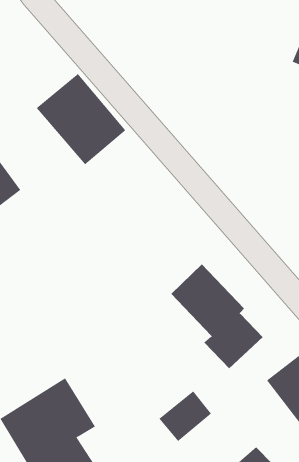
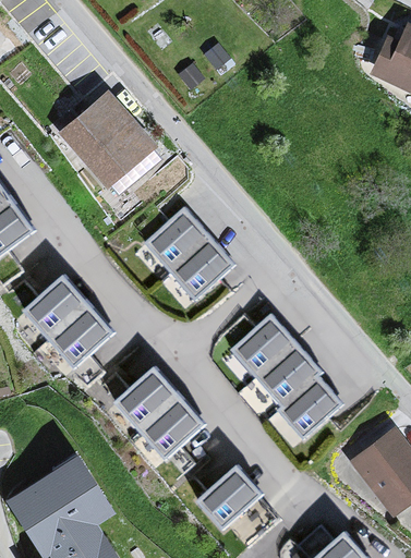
building: none -> [146,208,238,303]
building: none -> [32,275,125,371]
building: none -> [121,365,213,460]

